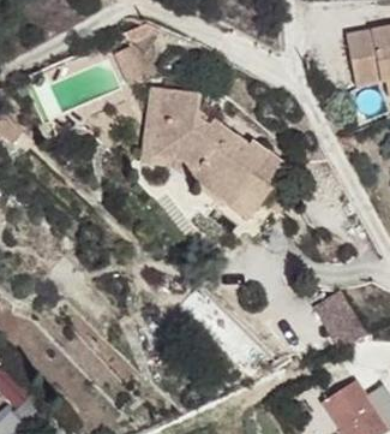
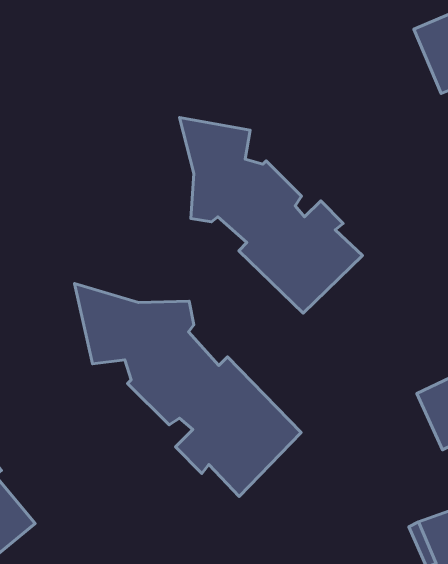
building: none -> [74,284,301,497]

